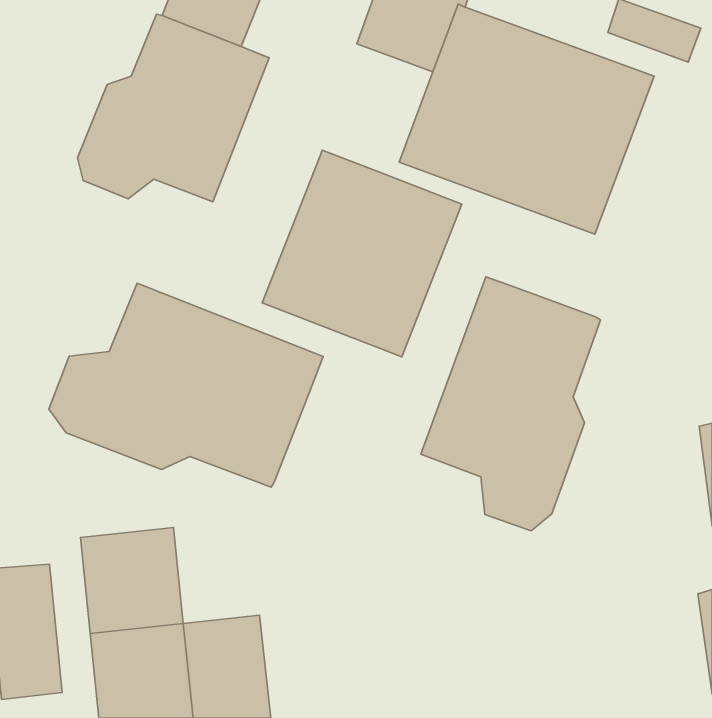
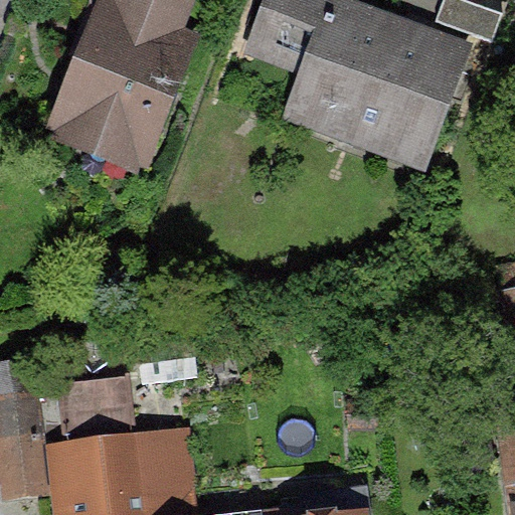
building: [262,150,462,357] -> none
building: [421,277,601,531] -> none
building: [49,283,323,487] -> none

